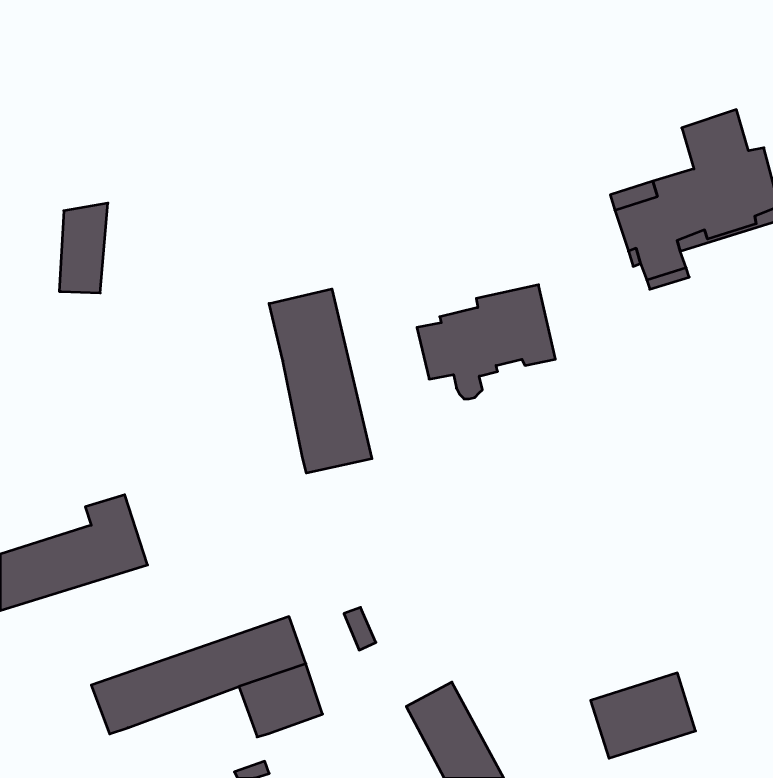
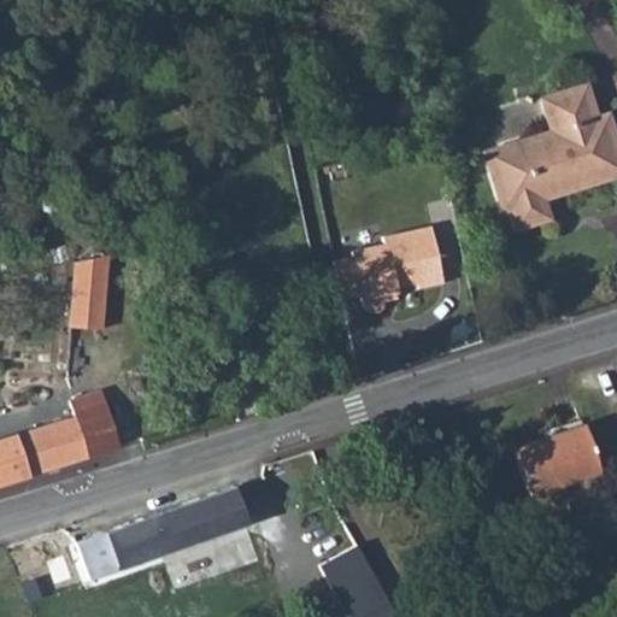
building: [59,203,108,293] -> [71,257,110,328]
building: [269,289,372,473] -> none
building: [591,673,696,758] -> [516,427,599,494]

